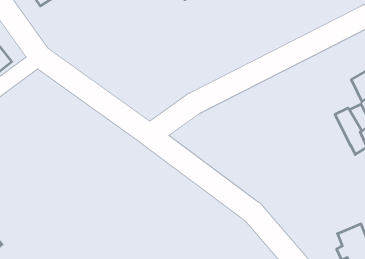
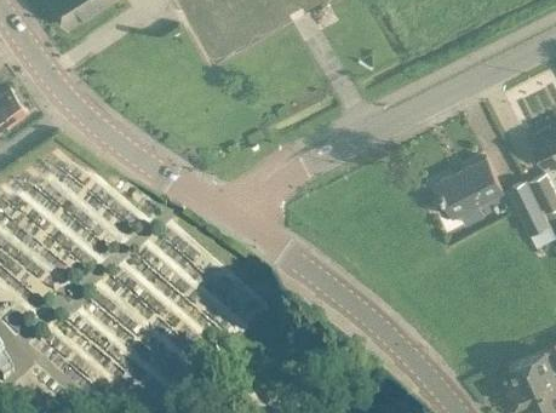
building: none -> [436,157,504,224]

